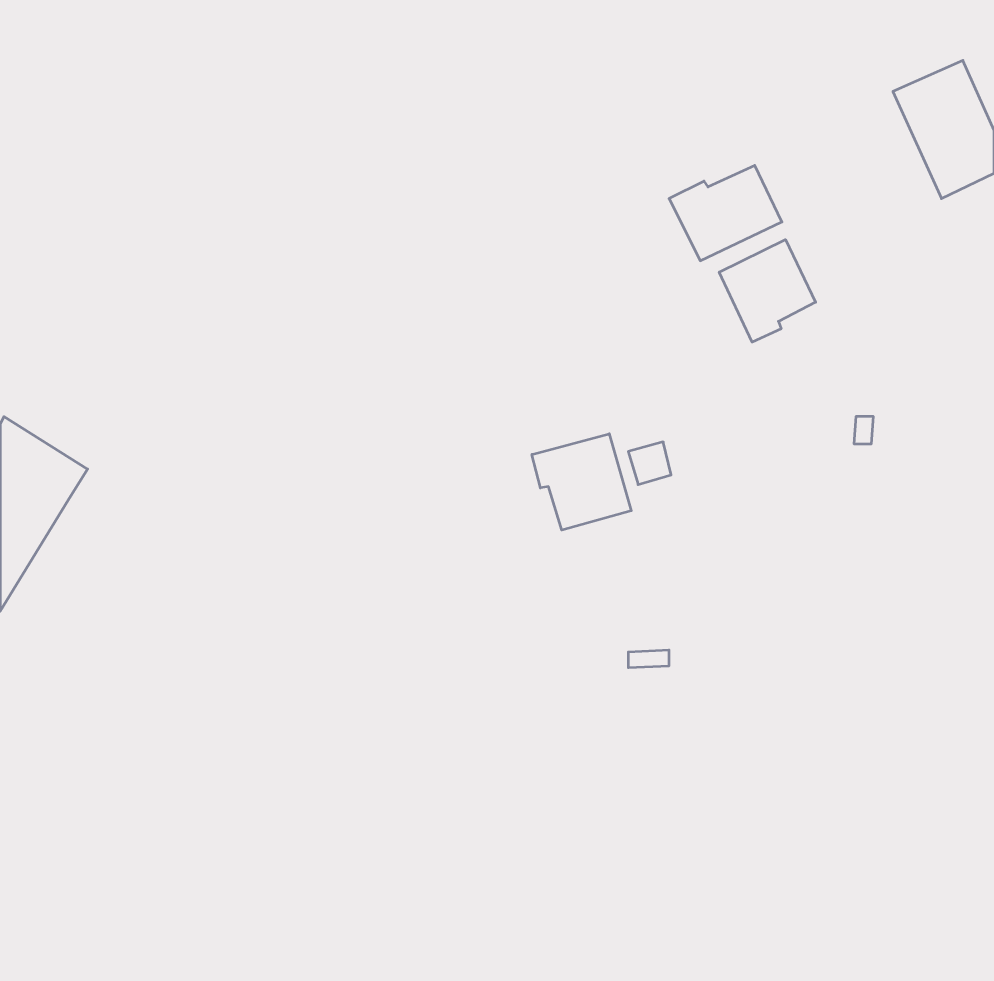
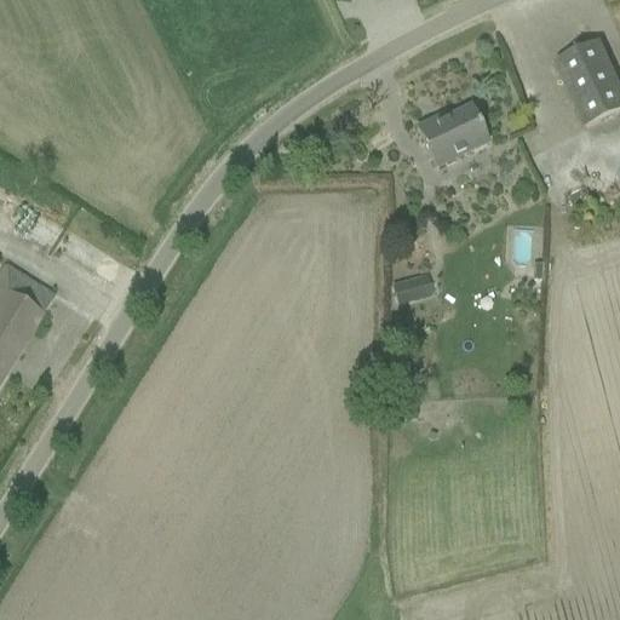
building: [719,240,816,342] -> none
building: [532,434,631,530] -> none

